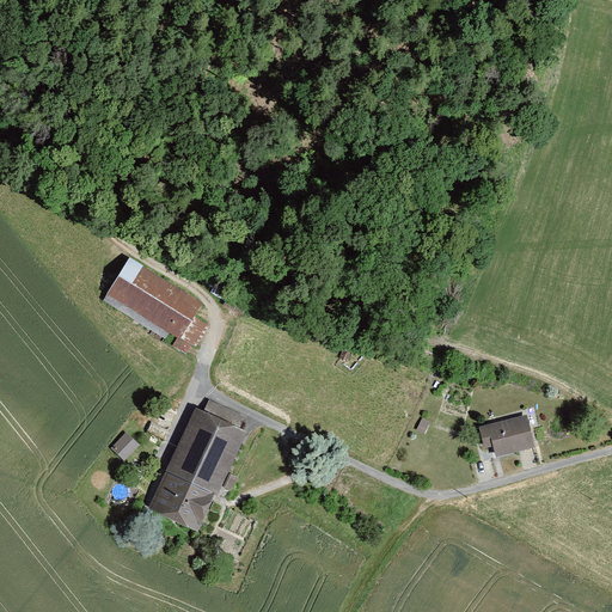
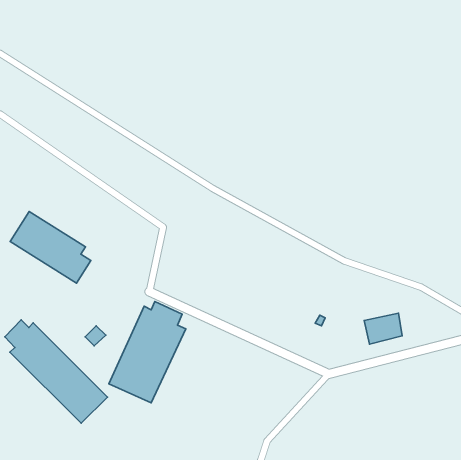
building: [100,258,207,353] -> [10,212,91,283]
building: none -> [5,320,108,423]

